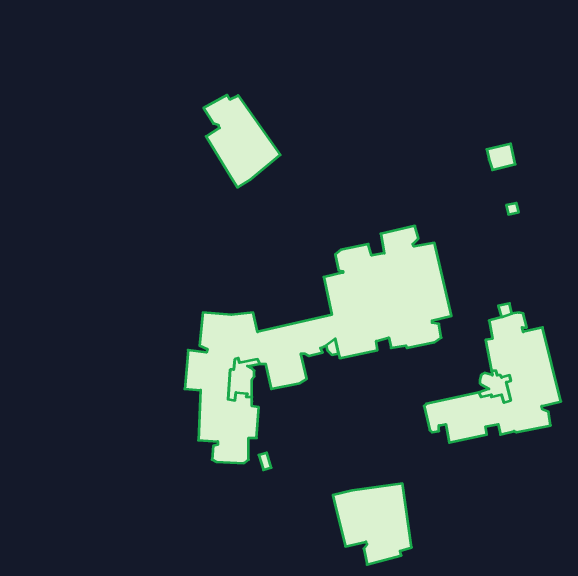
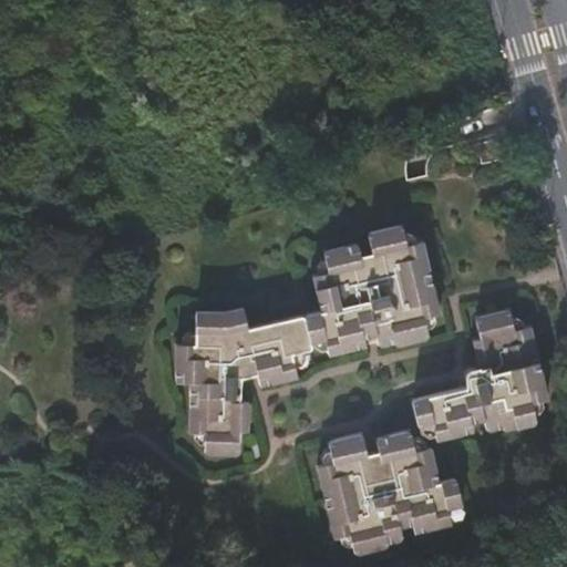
building: [204,95,280,187] -> none
building: none -> [319,430,462,538]

